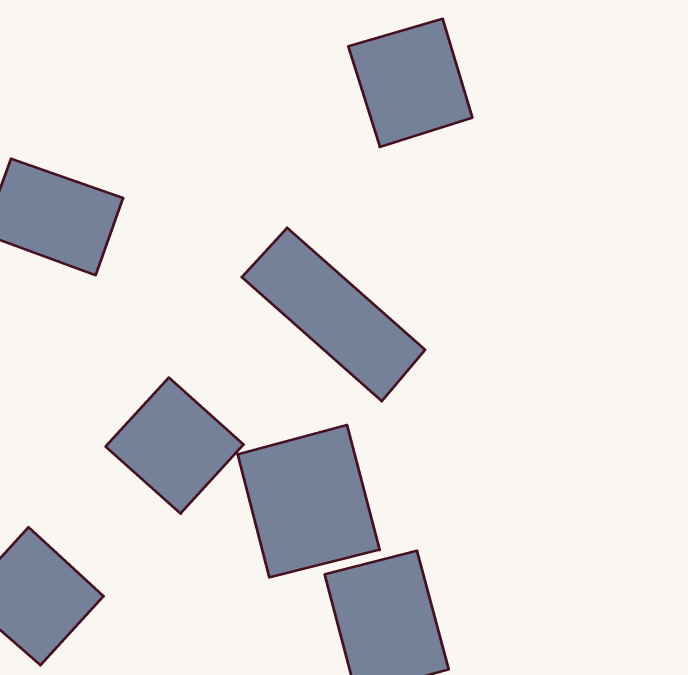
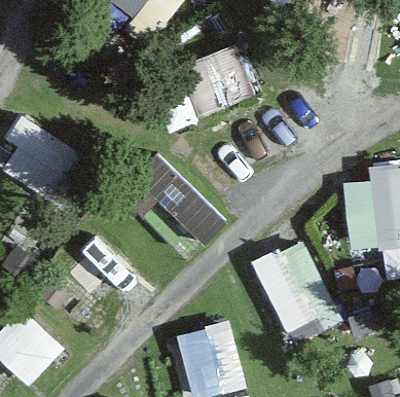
building: none -> [254,241,339,339]
building: [238,425,380,577] -> none

